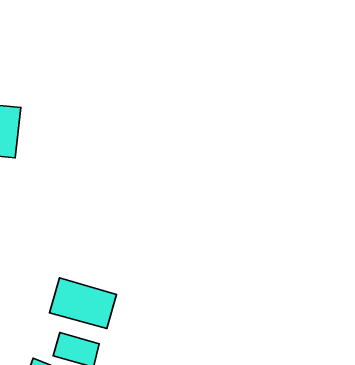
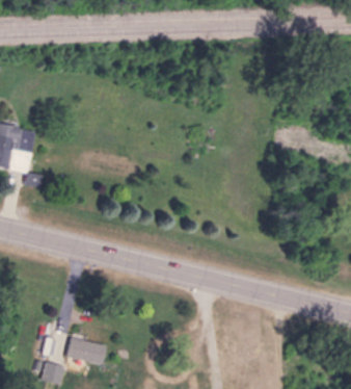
building: [50,278,116,328] -> none

